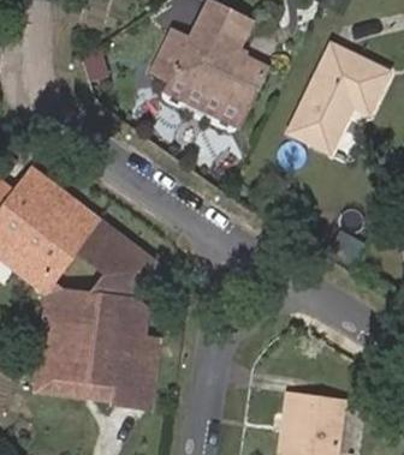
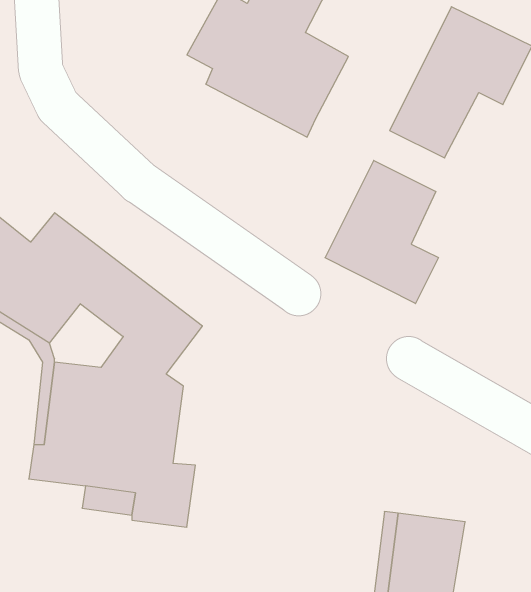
building: none -> [325,160,438,304]

